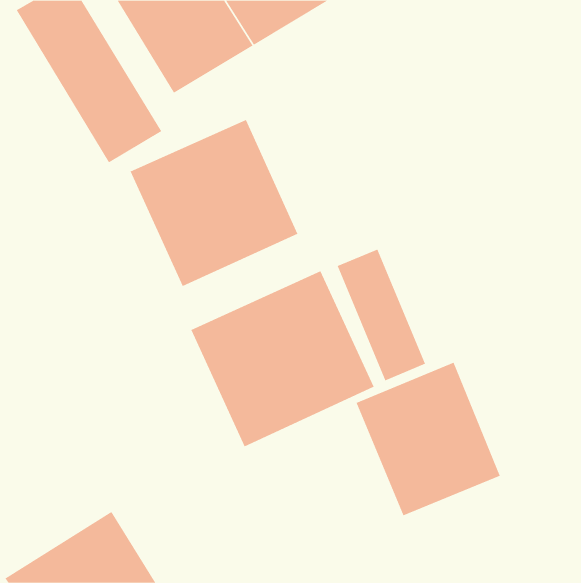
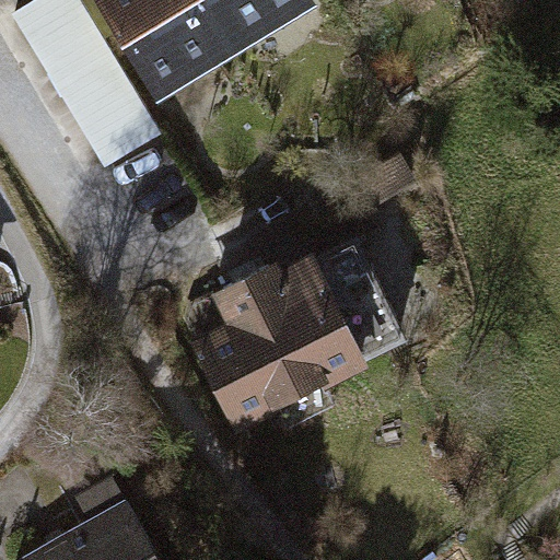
building: [130,119,298,287] -> none
building: [356,362,501,516] -> none

